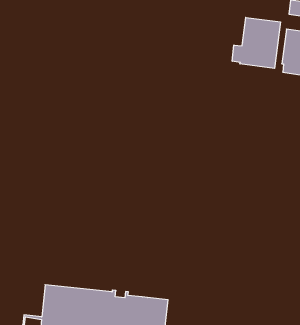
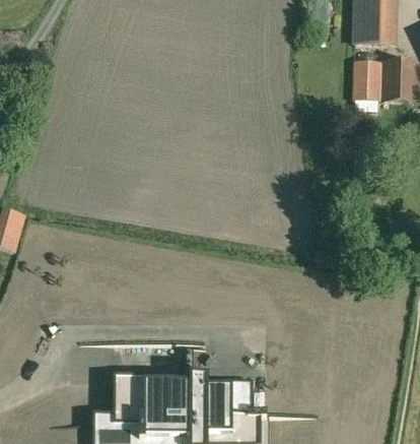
building: [232,17,280,68] -> none

